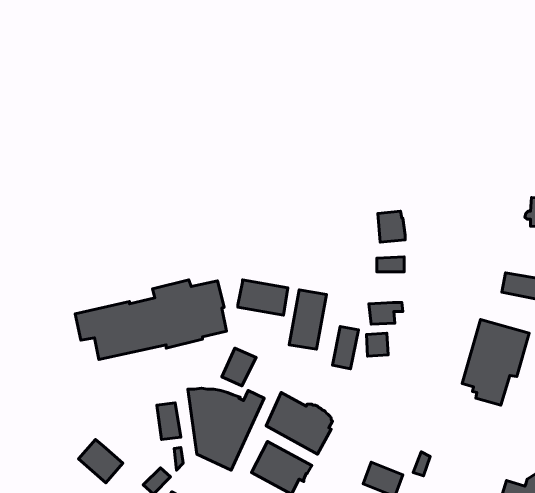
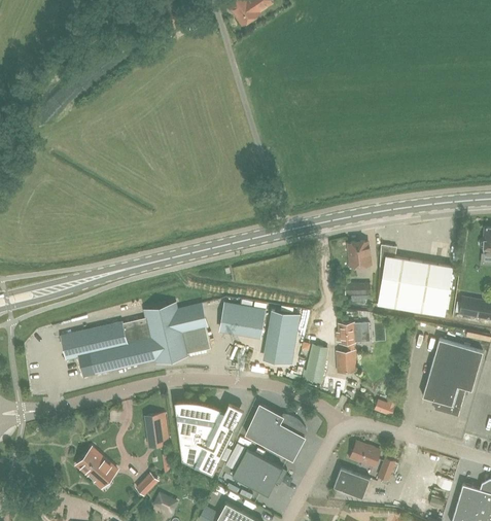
building: none -> [377,244,452,316]
building: [222,348,256,386] -> none
building: none -> [348,442,379,466]

